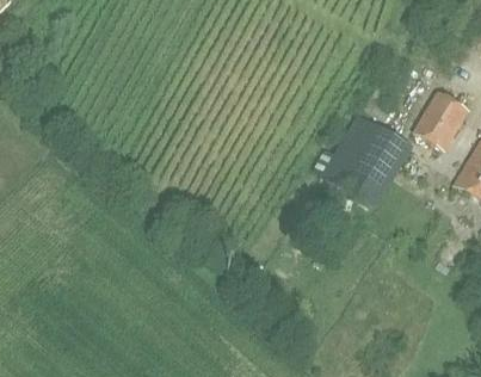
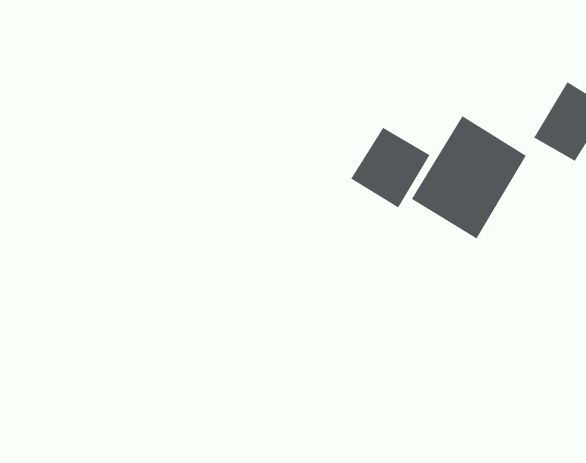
building: none -> [350,127,431,208]

